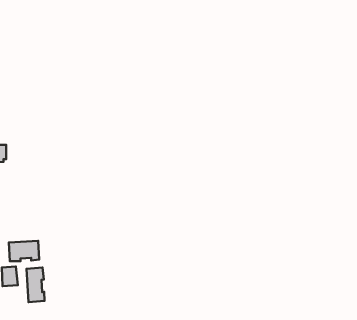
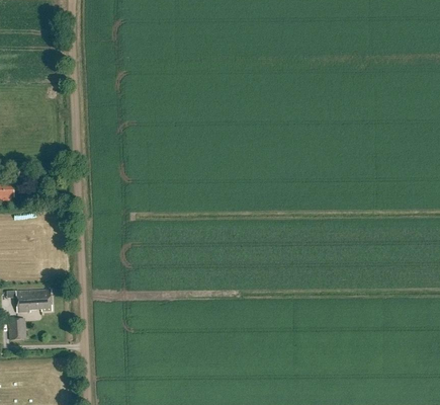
building: [27,268,45,302] -> none

